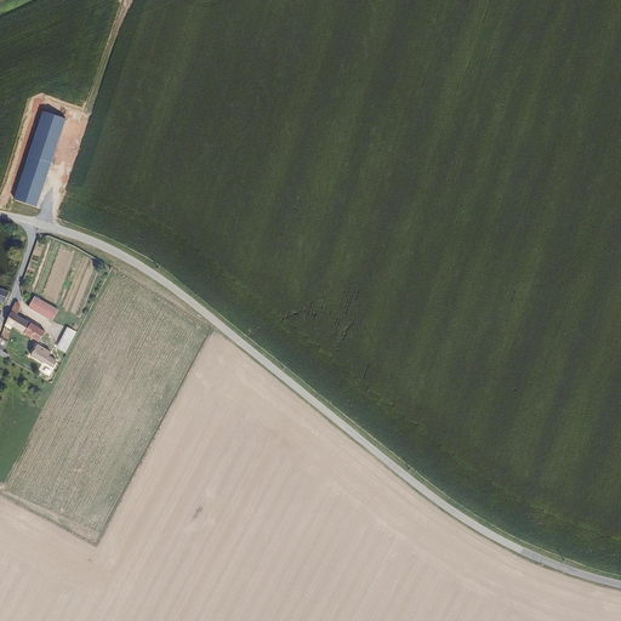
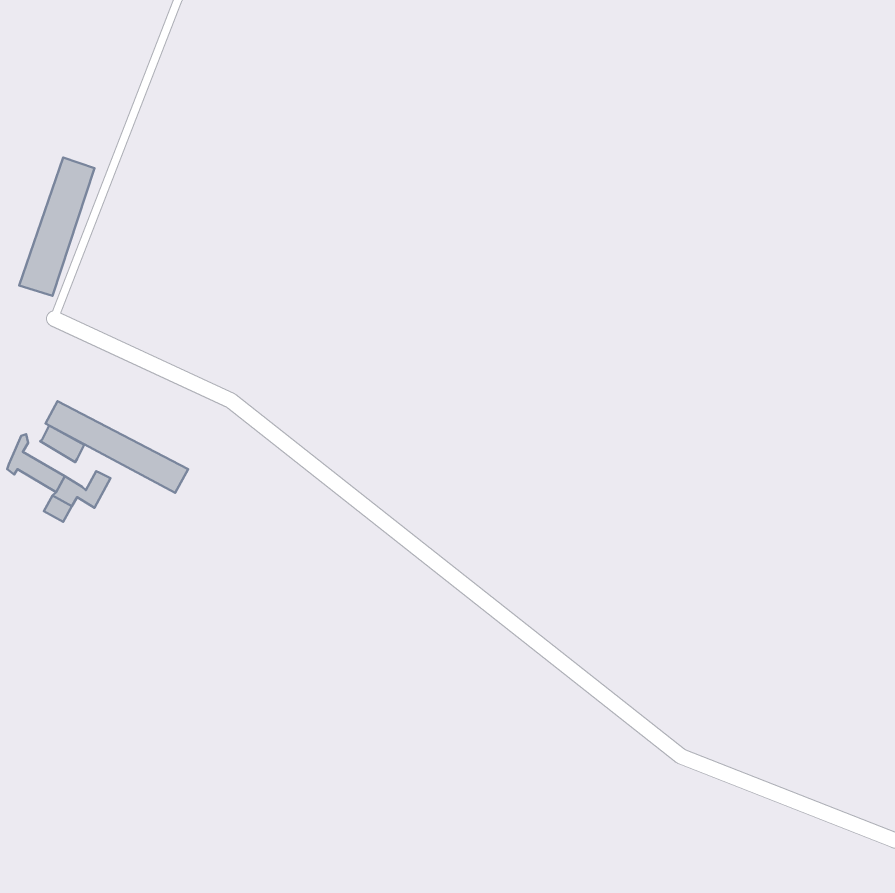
building: none -> [46,401,188,493]

